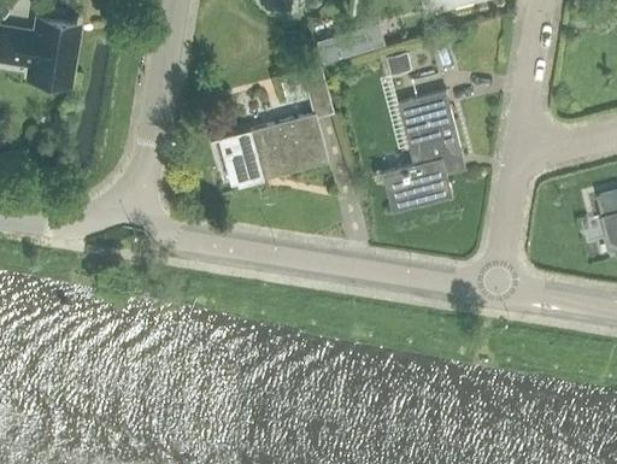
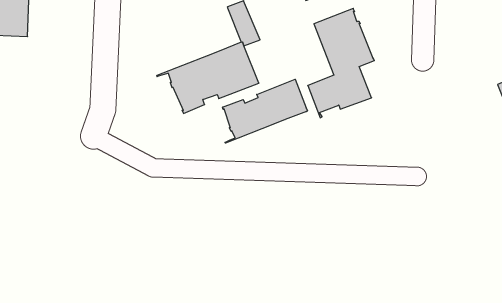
building: none -> [223,79,307,143]

